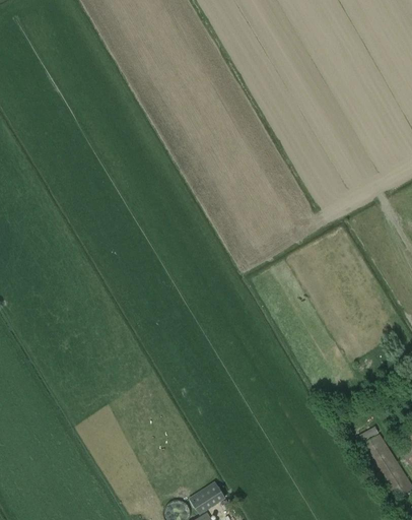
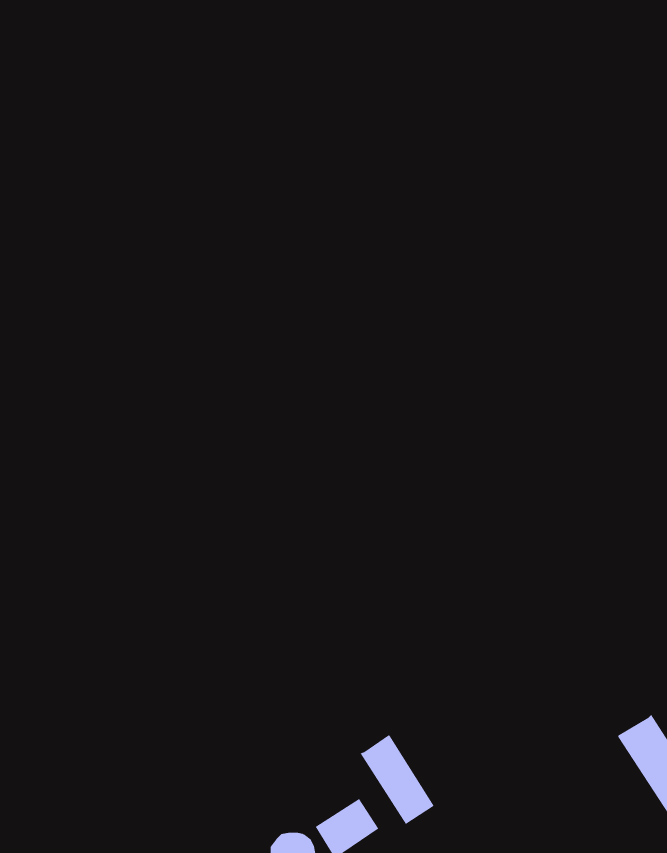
building: none -> [360,735,434,825]

